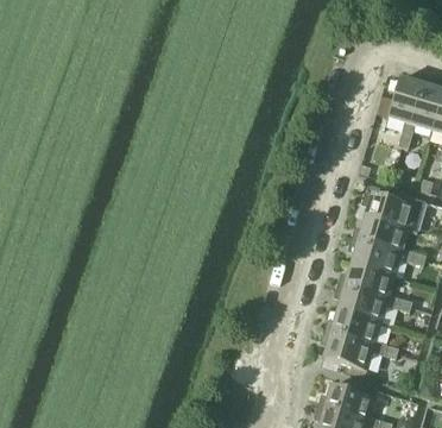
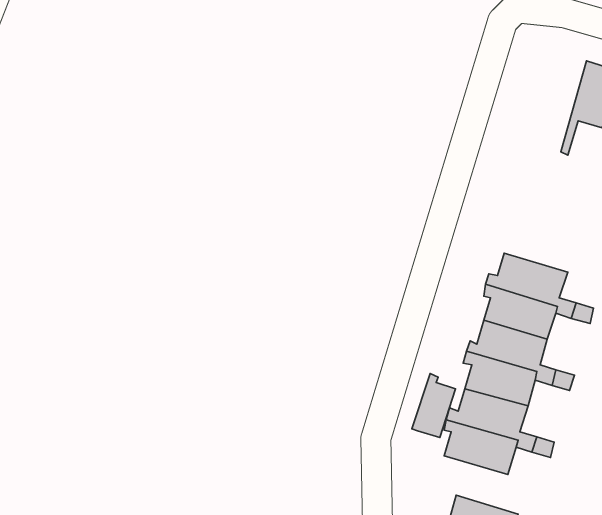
building: [390,76,423,145] -> none
building: [365,189,417,228] -> none
building: none -> [412,374,456,438]

